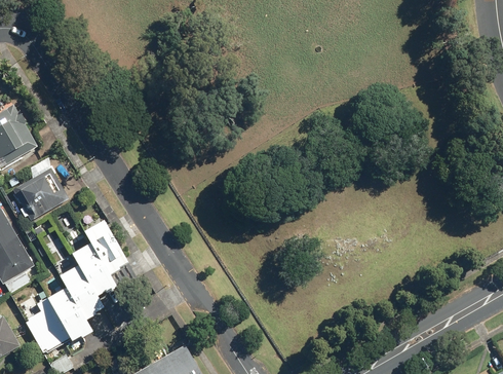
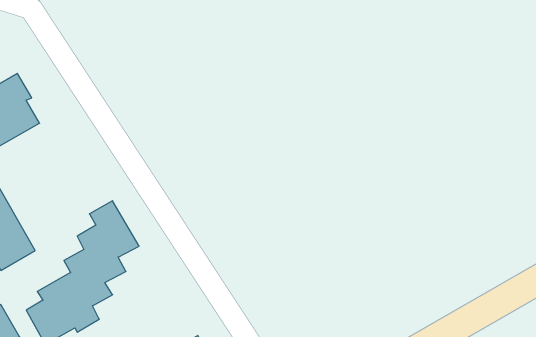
building: [10,165,70,222] -> none

